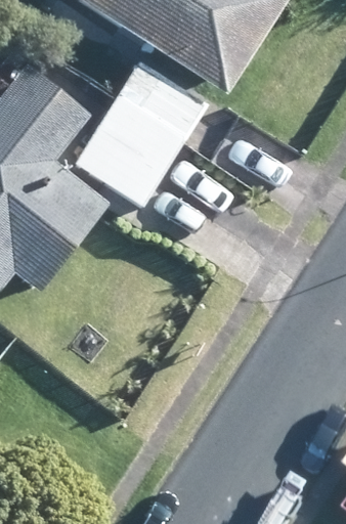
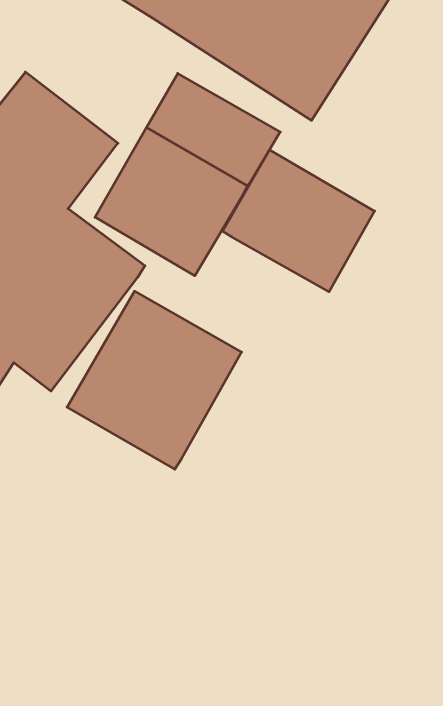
building: none -> [223,150,375,292]
building: none -> [67,291,242,469]

